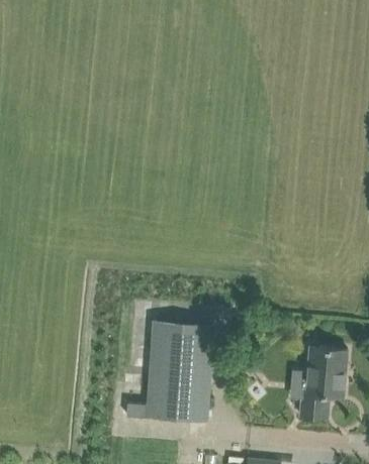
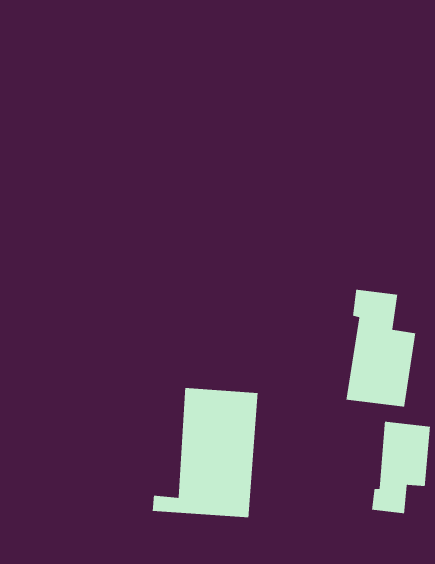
building: none -> [345,289,416,408]

